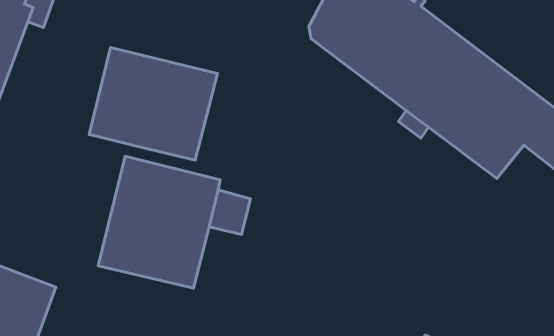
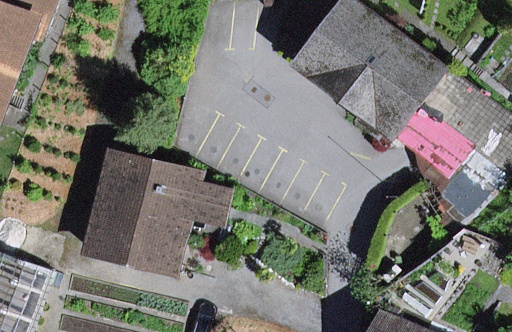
building: [89,47,217,160] -> none

